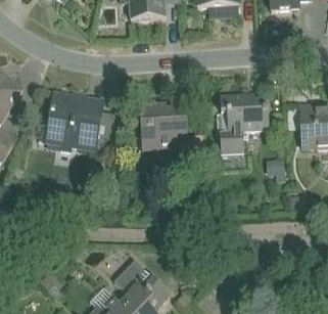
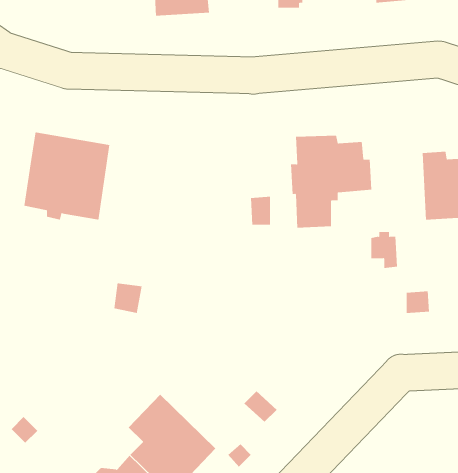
building: [138,97,187,148] -> none

